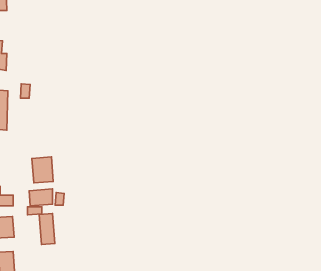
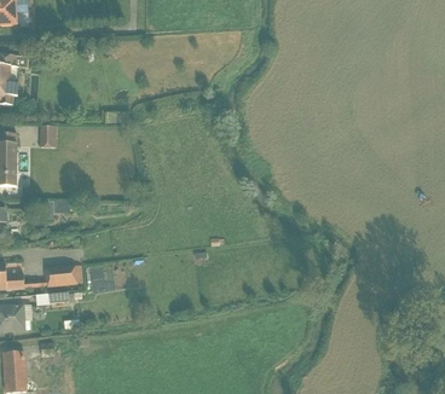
building: [32,157,53,183] -> none
building: [39,214,55,245] -> none

